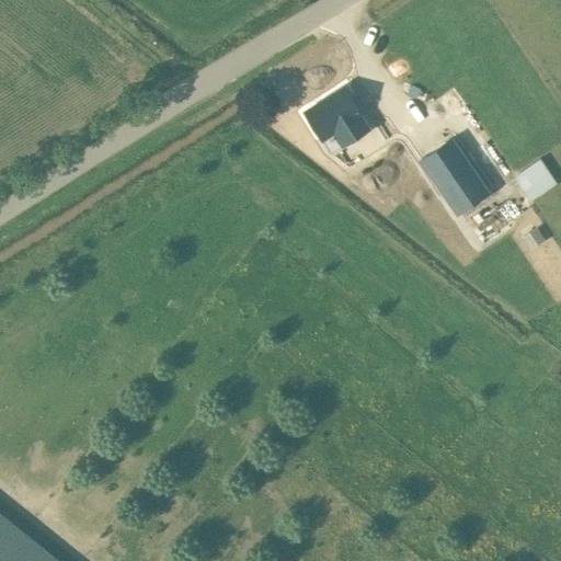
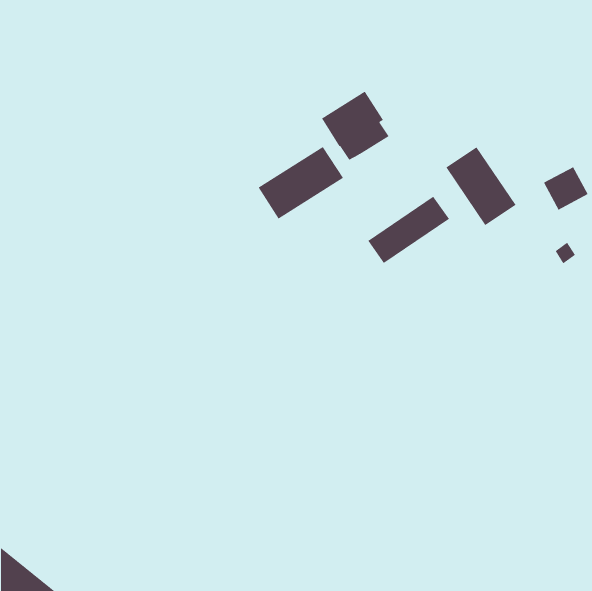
building: none -> [258,146,344,219]
building: none -> [367,196,450,264]

